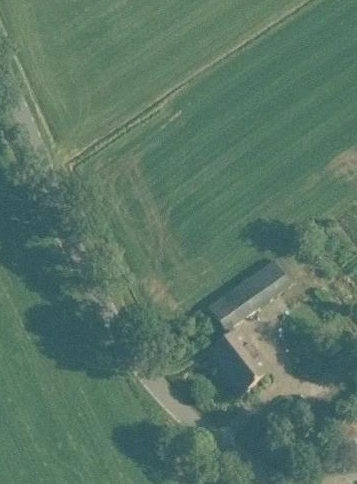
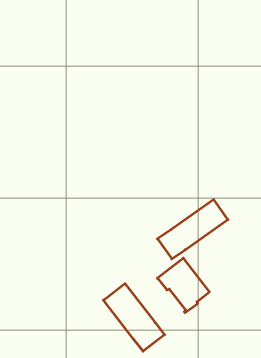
building: none -> [103,284,165,351]

